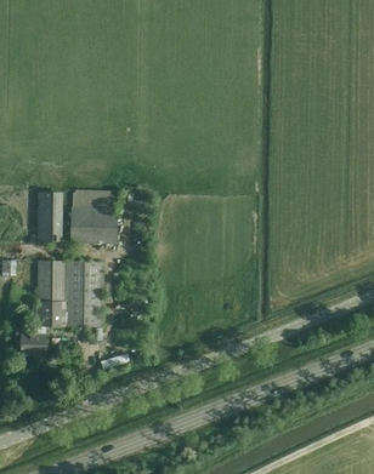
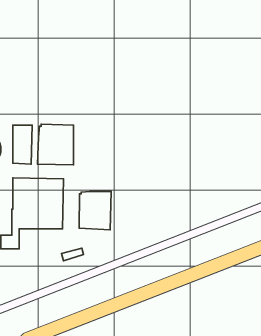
building: none -> [79,192,111,230]

